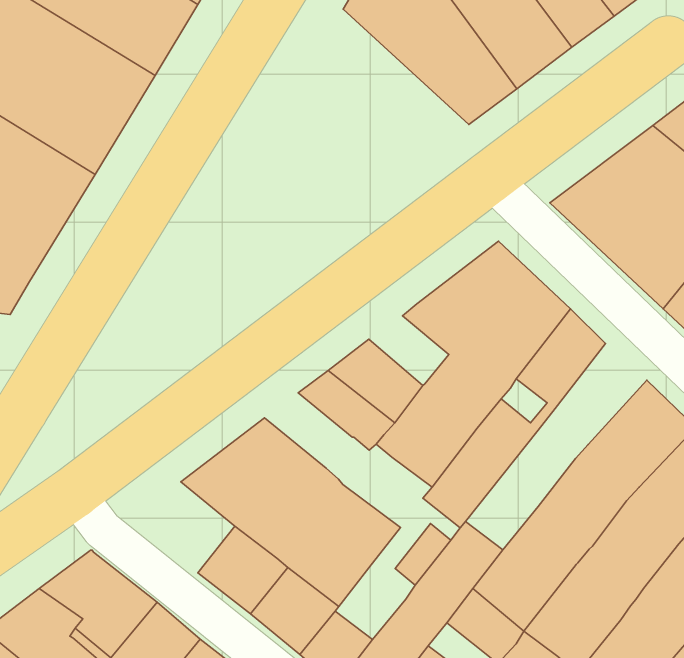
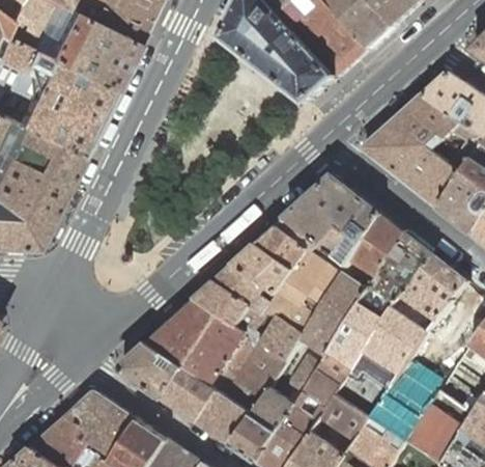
building: none -> [256,226,307,269]
building: none -> [326,232,432,367]
building: none -> [195,280,304,359]
building: none -> [119,342,182,399]
building: none -> [250,386,293,431]

